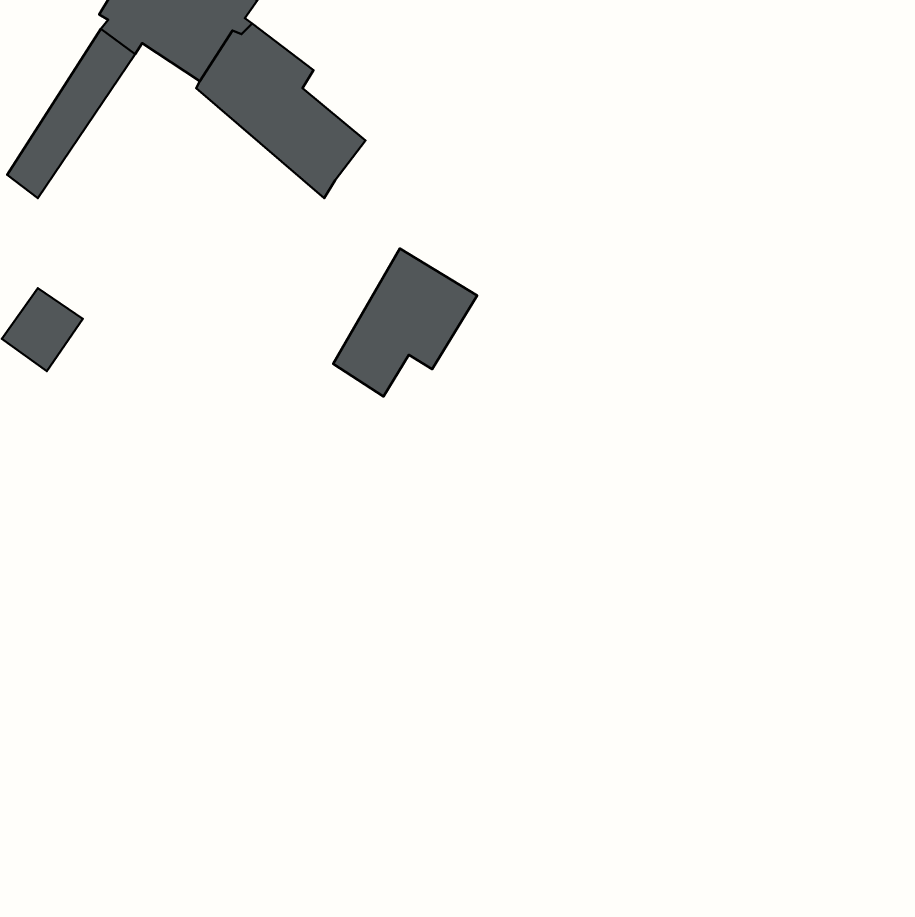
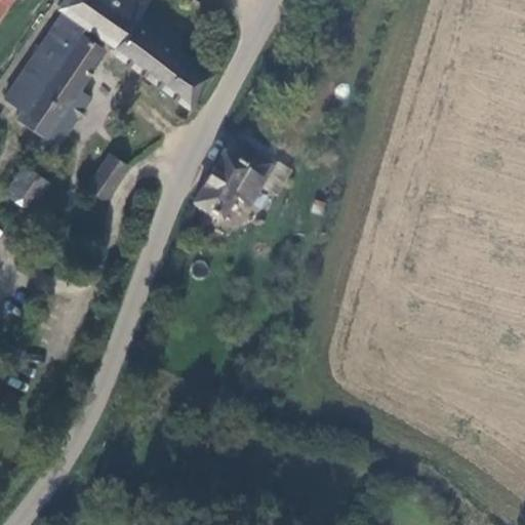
building: none -> [19,31,107,156]
building: none -> [89,154,128,198]

